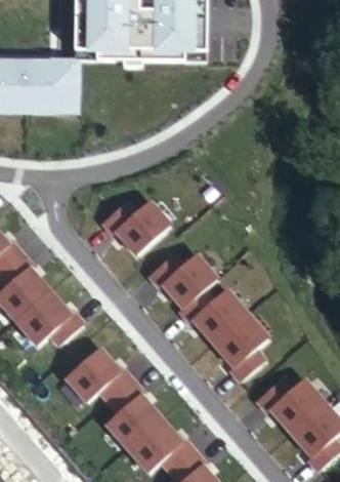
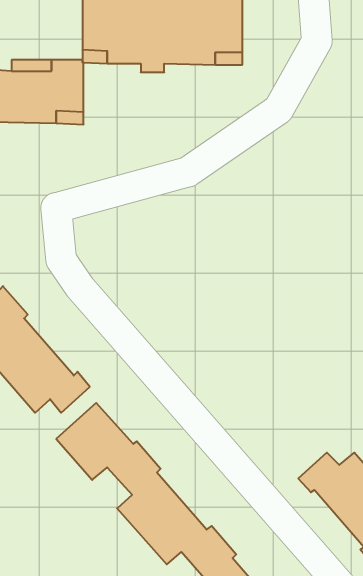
building: [103,201,170,255] -> none
building: [148,256,268,383] -> none

